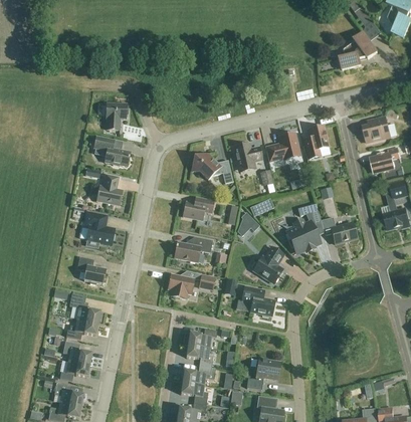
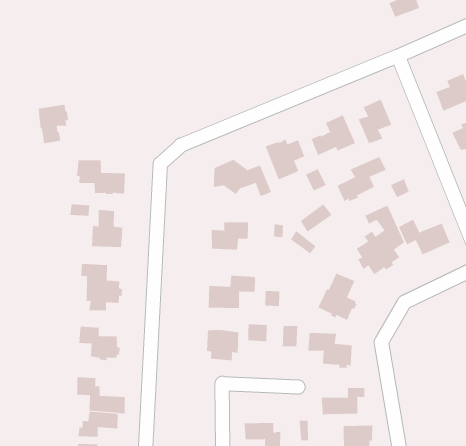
building: [106,102,128,129] -> [38,104,69,144]
building: none -> [337,156,387,202]
building: [183,328,217,348] -> [321,388,365,415]

